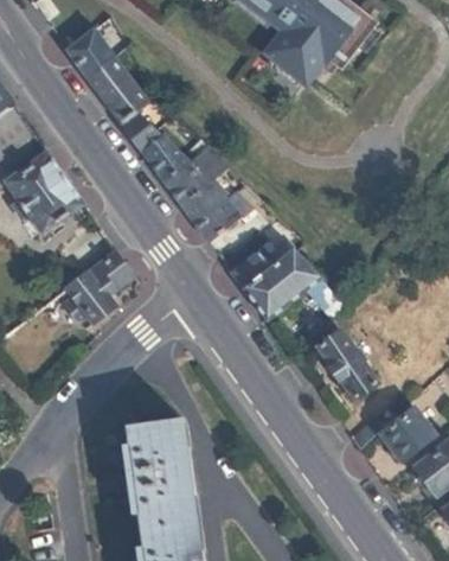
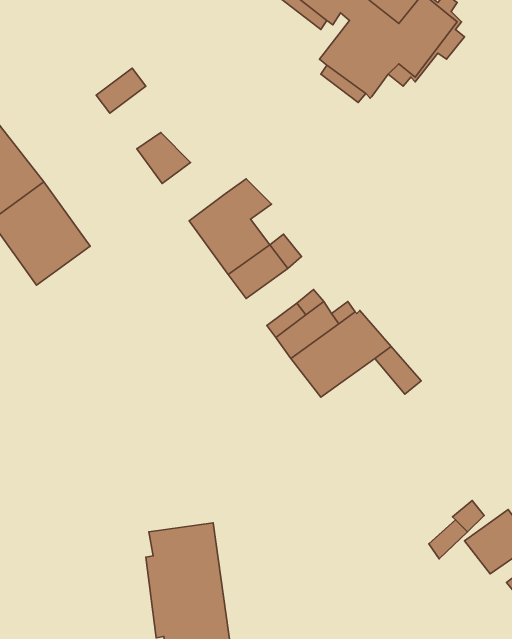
building: [65,28,116,81] -> none
building: [98,74,149,123] -> none
building: [140,134,190,180] -> none
building: [68,247,133,317] -> none
building: [317,331,374,397] -> none

